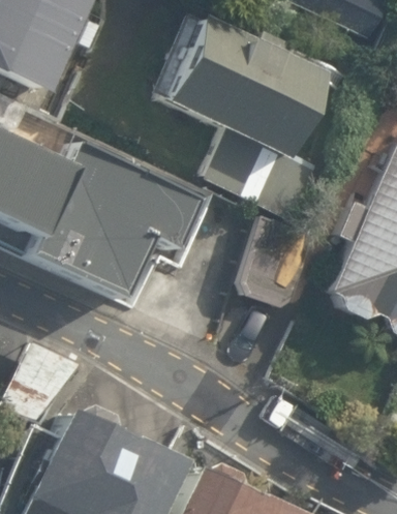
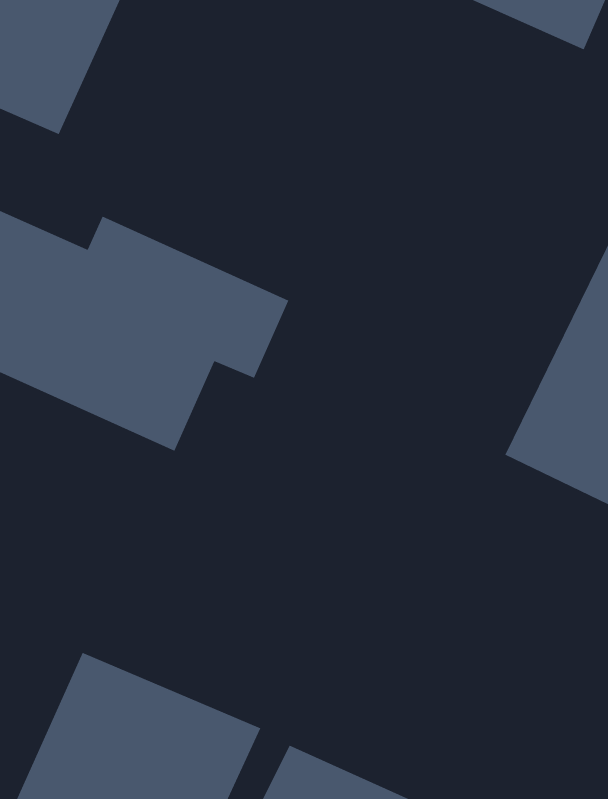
building: [165,14,323,149] -> none

